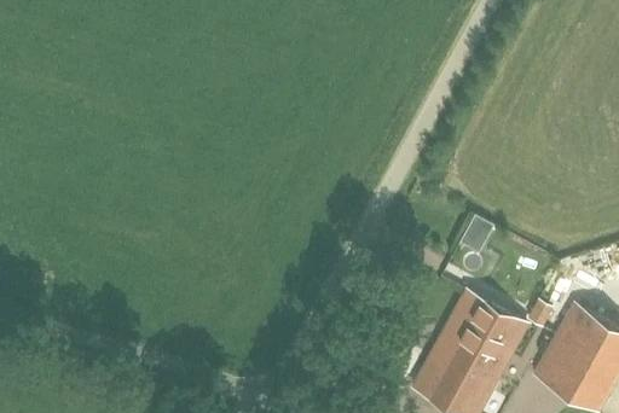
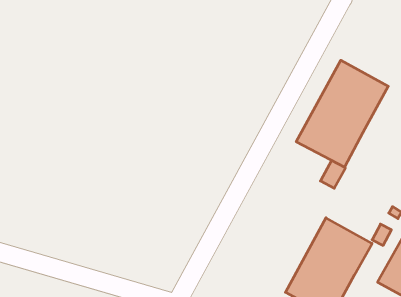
building: none -> [296,60,388,167]

